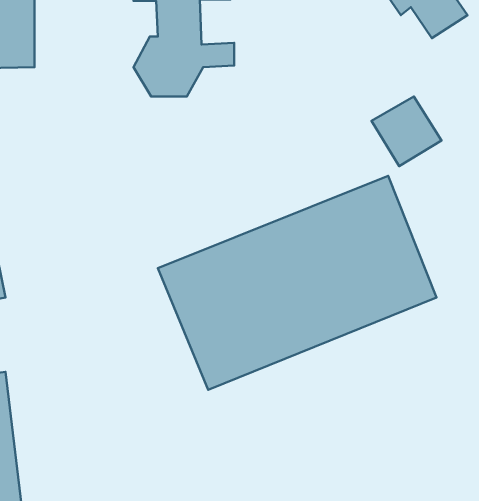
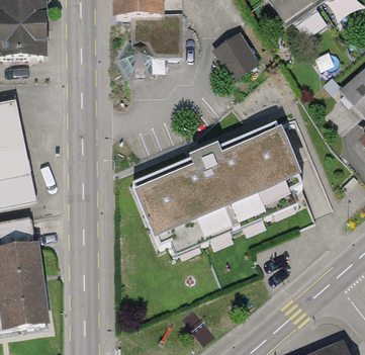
building: [372,97,441,166] -> [212,32,256,76]

